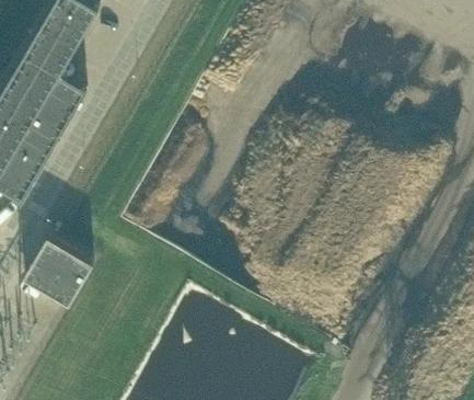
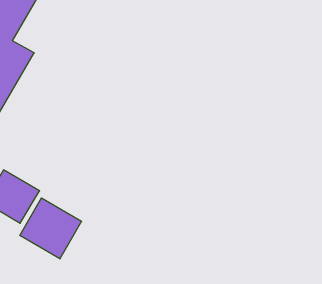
building: none -> [20,198,82,259]

